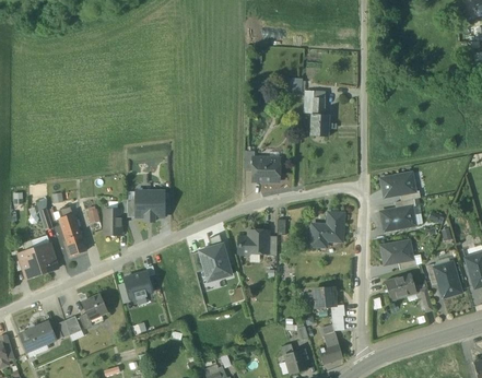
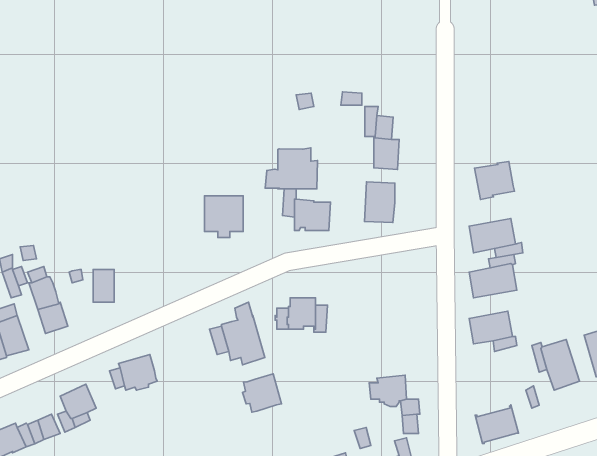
building: none -> [265,148,318,189]
building: none -> [474,161,514,199]
building: none -> [365,182,395,223]
building: [136,190,164,221] -> [205,196,243,238]
building: [310,212,343,246] -> none
building: [384,271,415,299] -> [475,405,518,444]
building: none -> [243,374,281,412]

